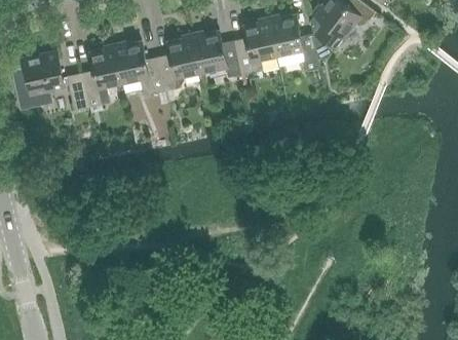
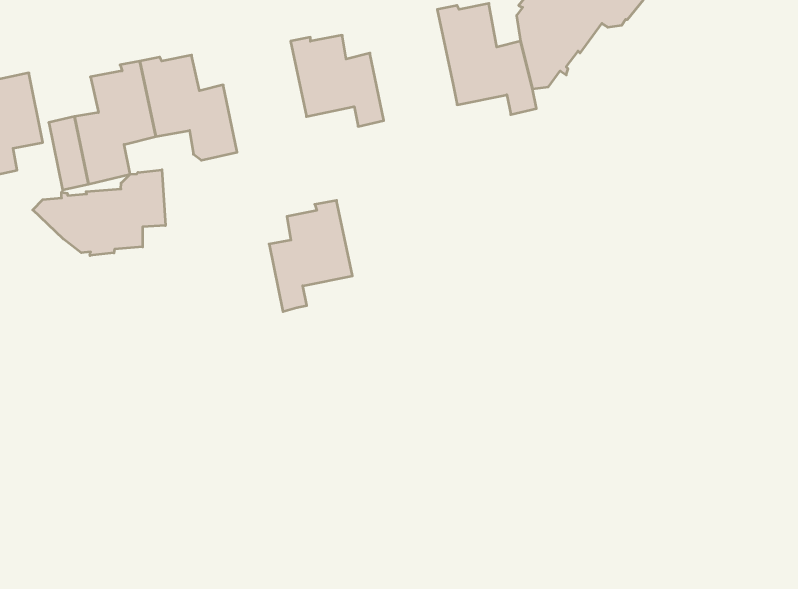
building: [233,18,276,76] -> none
building: [157,35,200,92] -> [269,200,352,312]
building: none -> [33,170,165,256]

